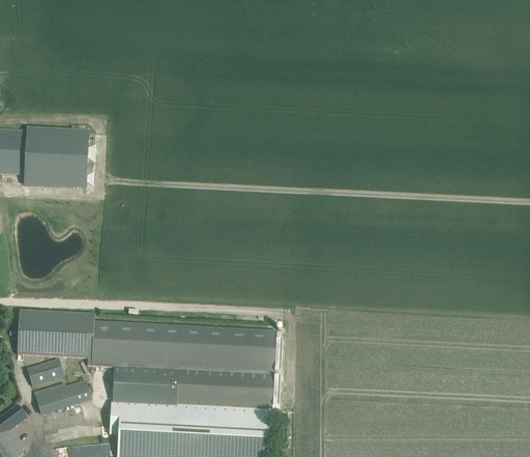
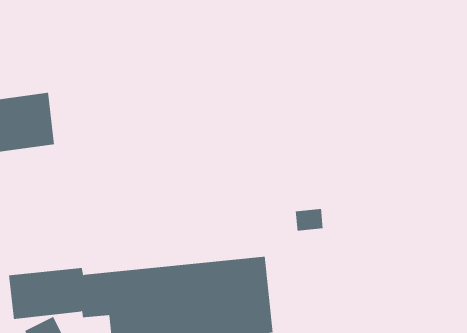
building: none -> [295,208,323,232]

